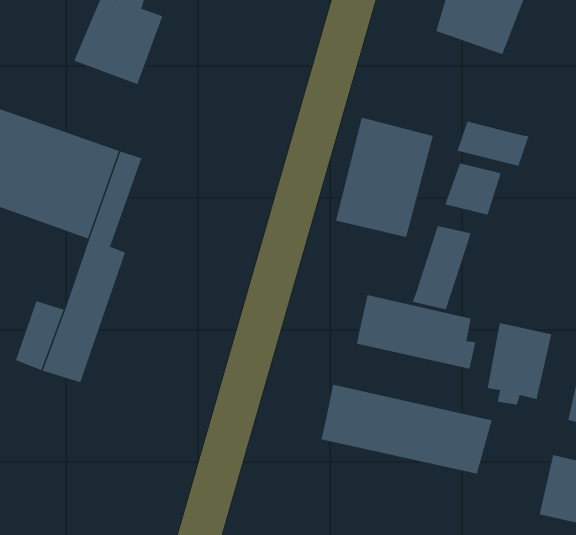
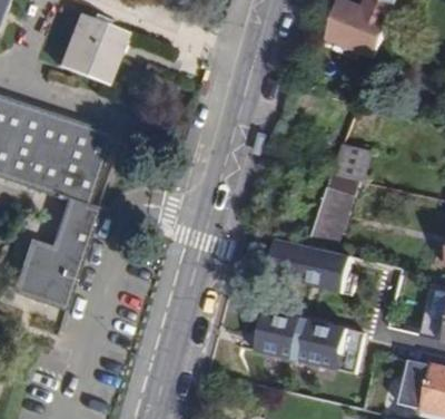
building: [335,117,433,238] -> none
building: [457,121,529,167] -> none
building: [487,322,552,405] -> none

